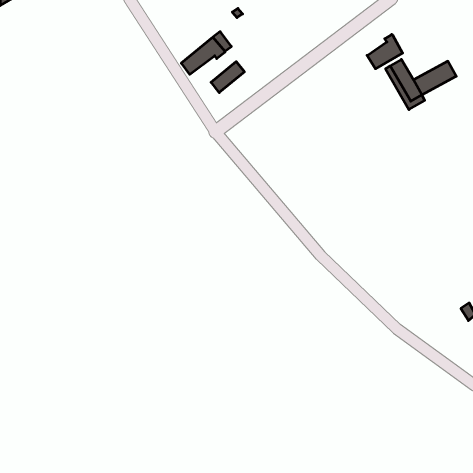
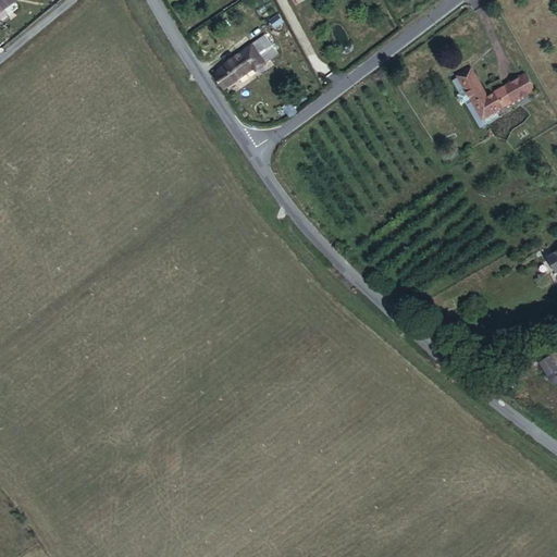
building: [367,34,403,69] -> none
building: [211,62,244,93] -> none

